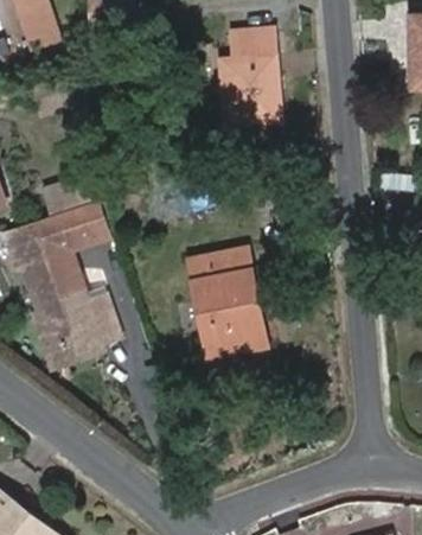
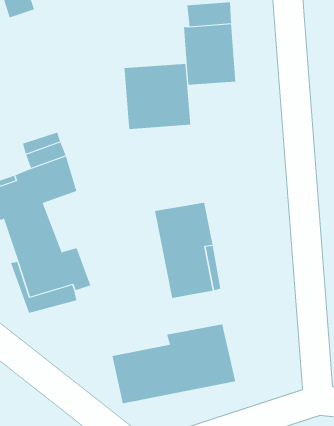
building: none -> [124,63,191,130]
building: none -> [112,323,236,404]

